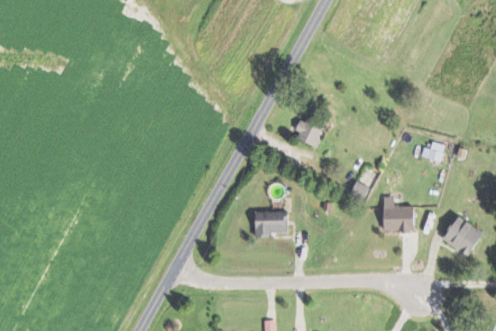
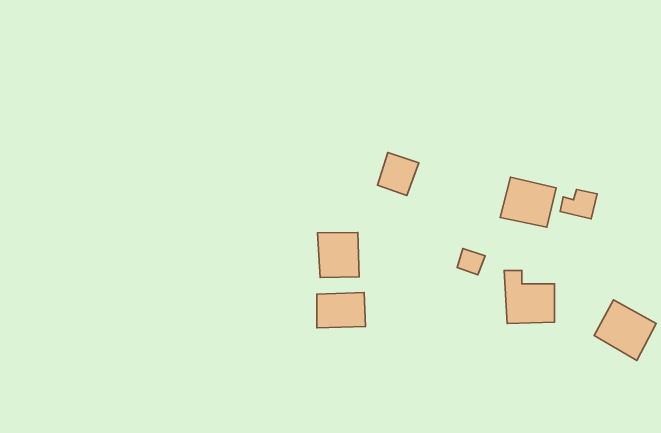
building: none -> [500,177,556,227]
building: none -> [317,232,359,278]

